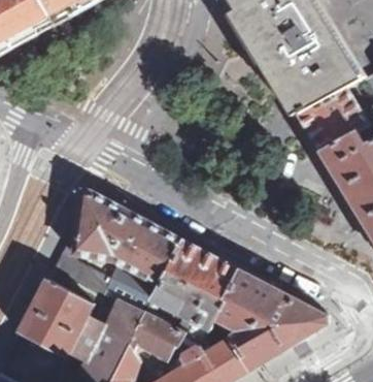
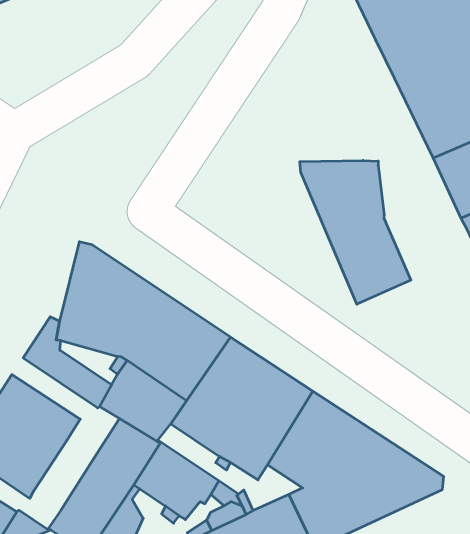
building: none -> [300,160,411,304]
building: [68,317,104,361] -> none

